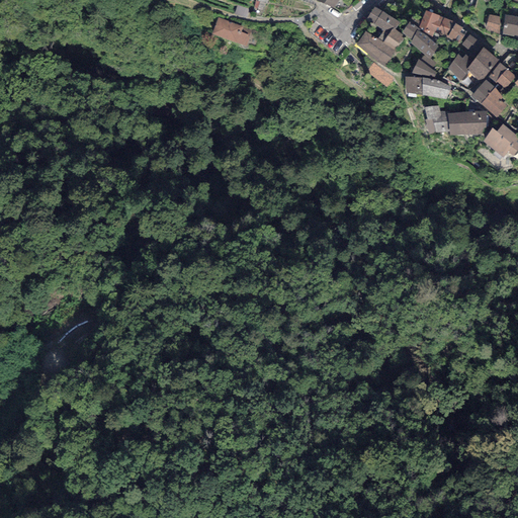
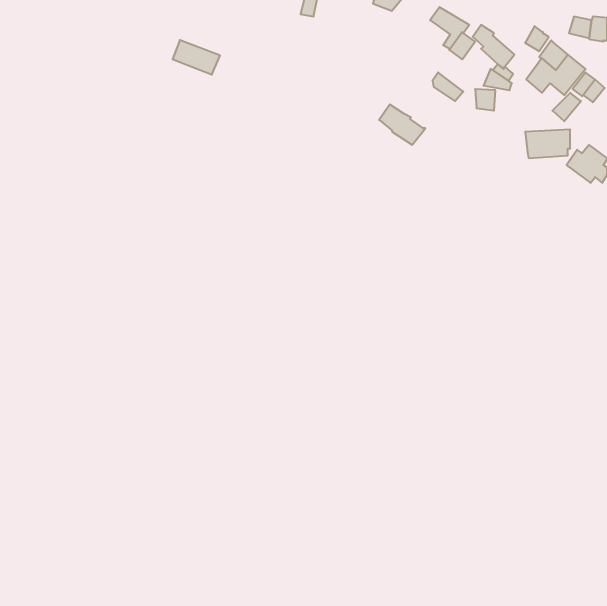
building: [419,10,454,36] -> none
building: [212,16,253,46] -> [173,40,220,75]
building: [356,30,396,65] -> [379,104,425,145]
building: [421,77,452,98] -> none
building: [481,86,508,116] -> none
building: [424,104,448,134] -> none

